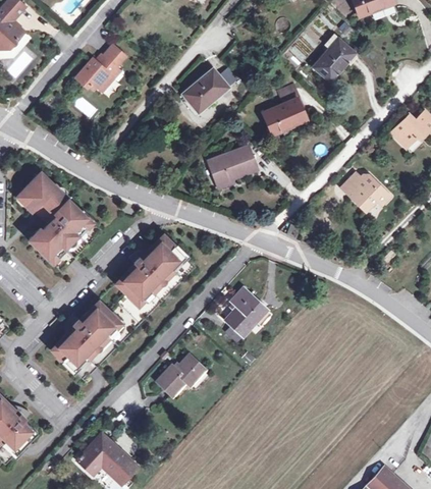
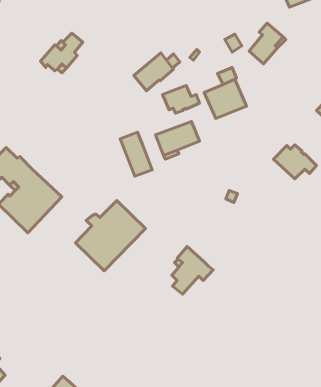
building: none -> [163,85,199,113]
building: none -> [120,132,152,176]
building: [51,302,130,381] -> none
building: [157,356,205,394] -> none

